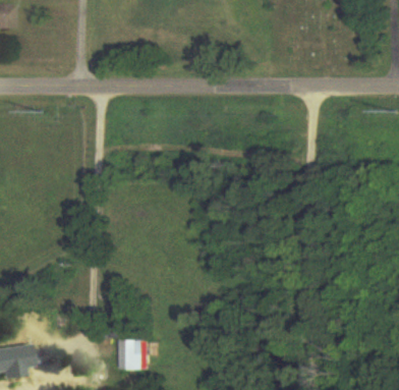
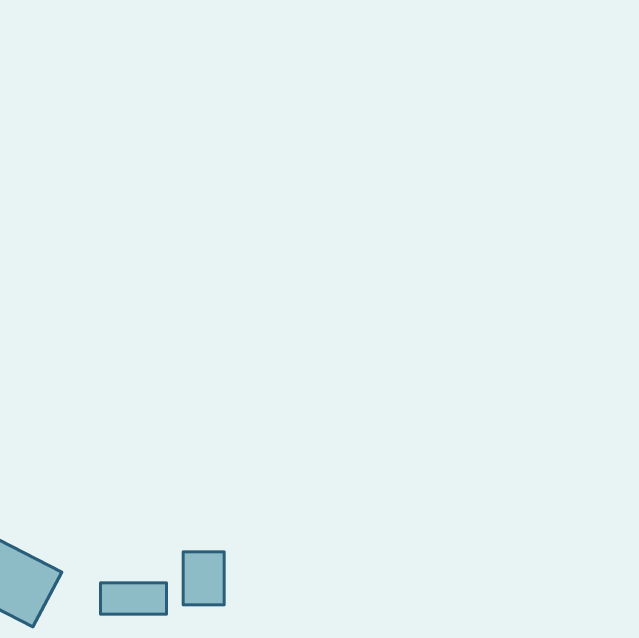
building: none -> [101,583,167,614]

